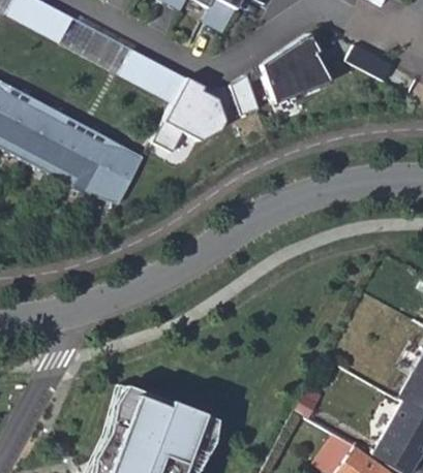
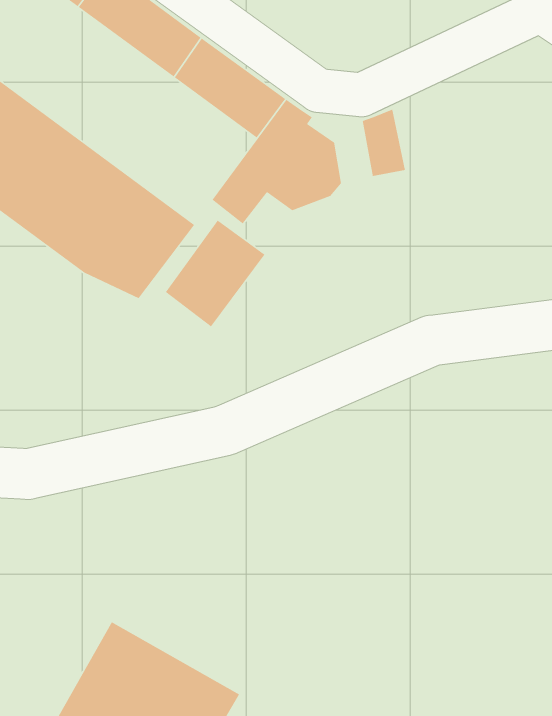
building: [262,33,332,108] -> none
building: none -> [165,219,265,328]

